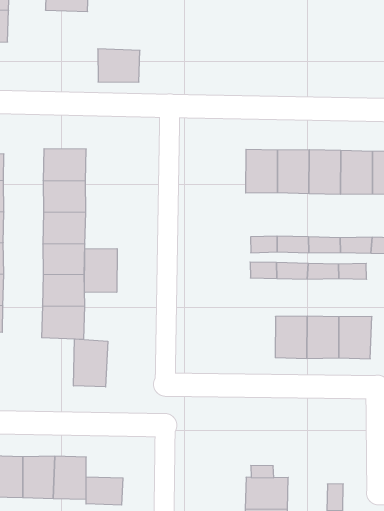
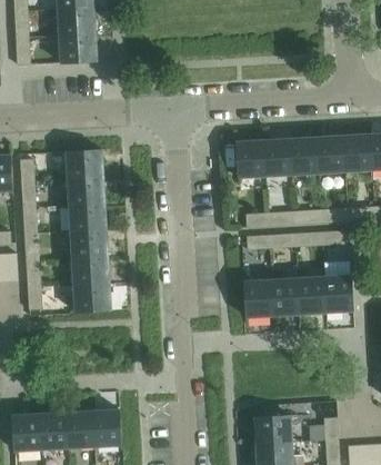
building: [98,49,140,82] -> [59,36,96,65]
building: [85,249,117,293] -> none
building: none -> [243,281,272,318]
building: [74,339,108,387] -> none
building: [86,477,123,505] -> none

